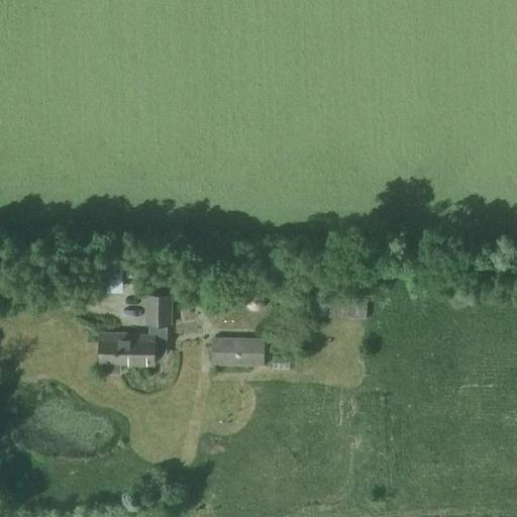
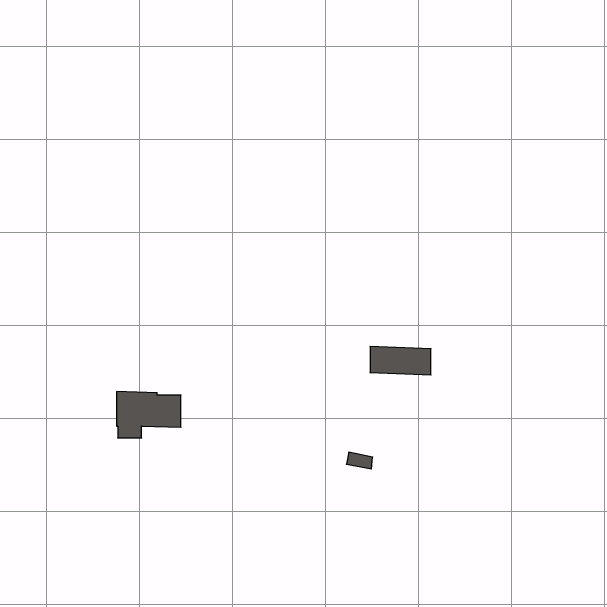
building: [150,297,170,327] -> none
building: [212,337,264,365] -> none

